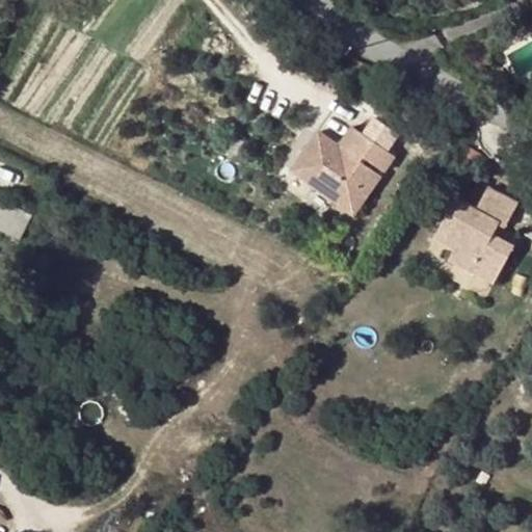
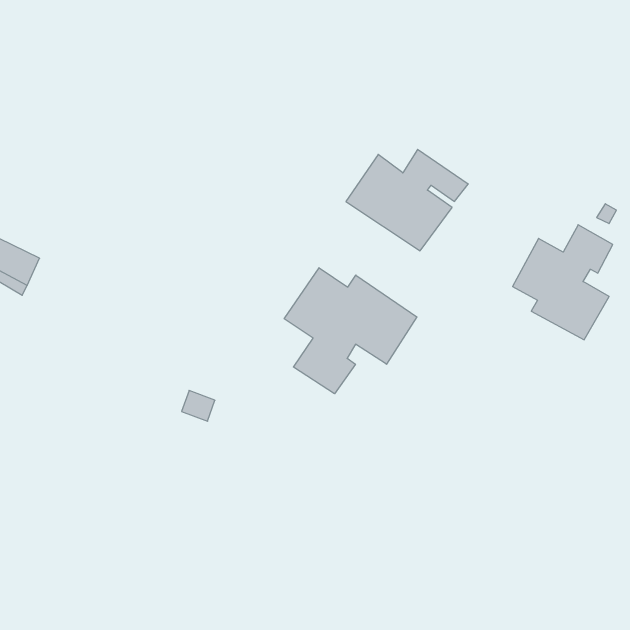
building: none -> [284,268,417,394]

